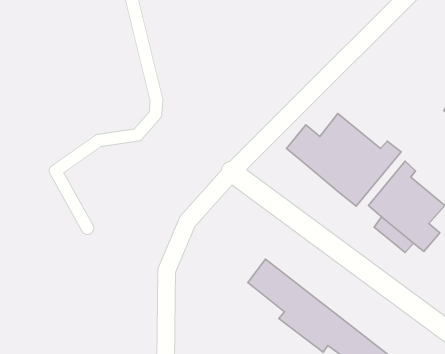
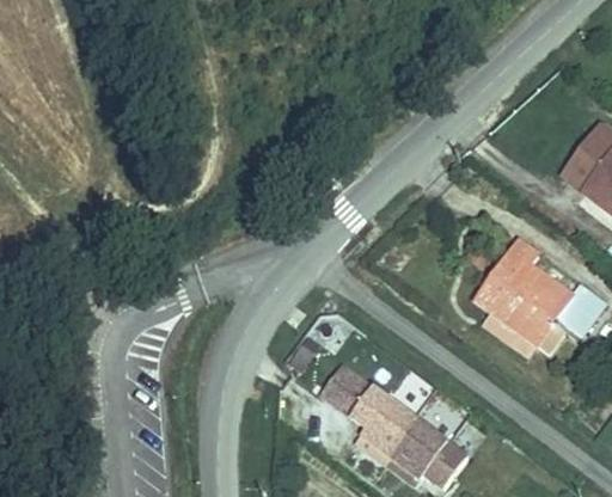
building: [287,113,401,206] -> none

